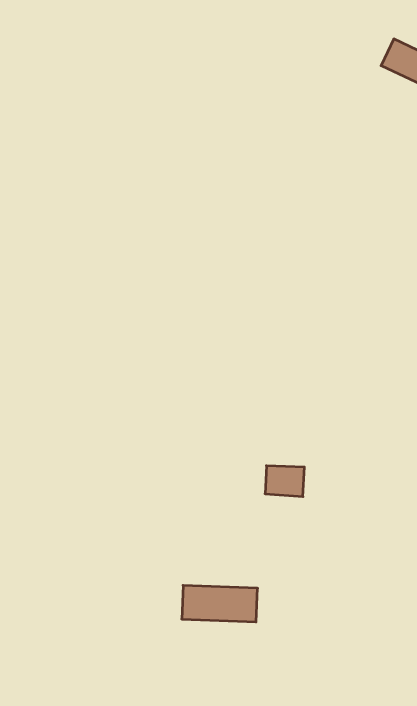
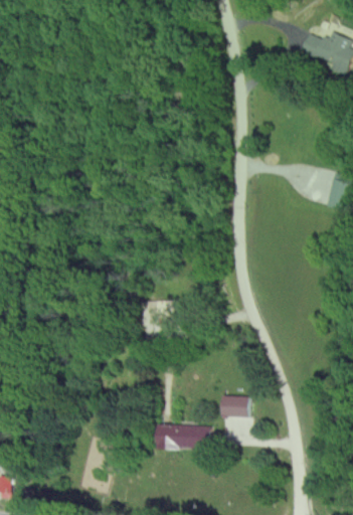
building: [265,466,304,497] -> [219,395,247,417]

